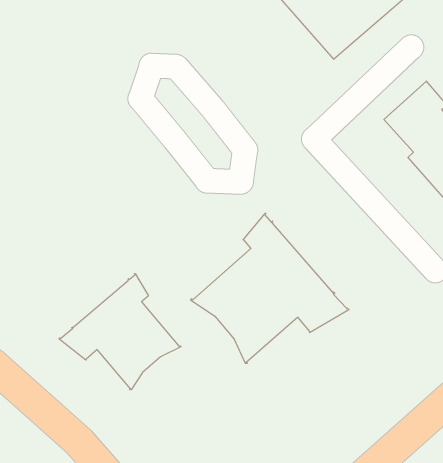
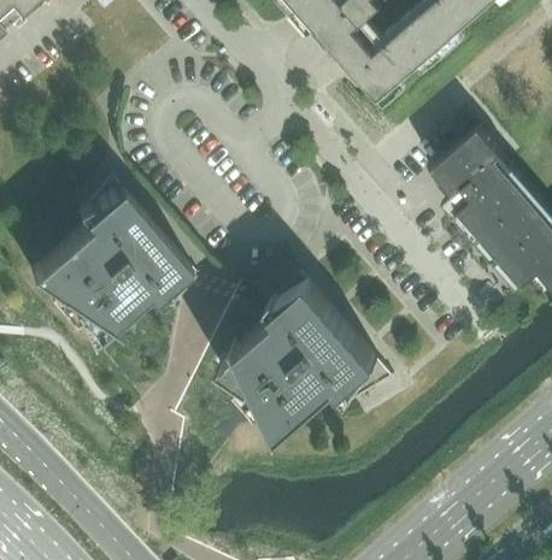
building: none -> [28,178,195,344]
building: [59,274,181,390] -> none

